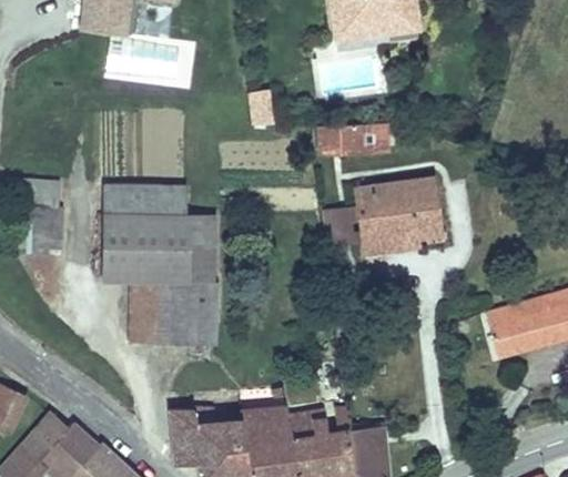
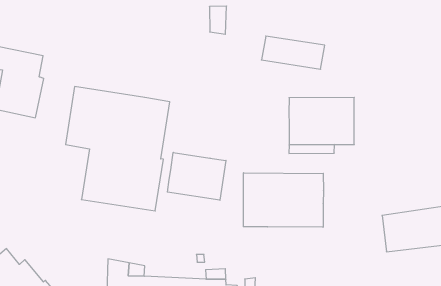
building: [103,182,189,212] -> none
building: [326,206,362,244] -> none
building: none -> [243,173,323,227]
building: none -> [167,152,226,200]

